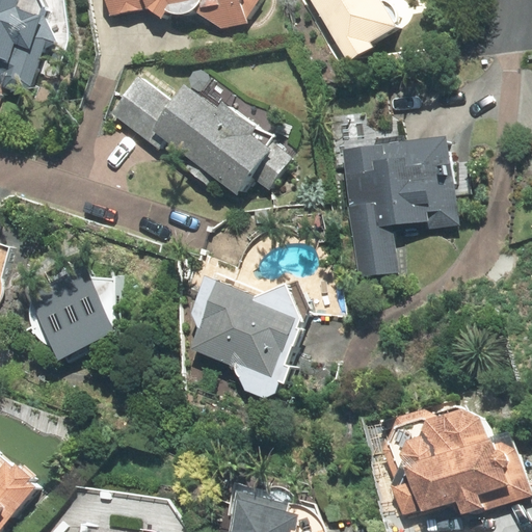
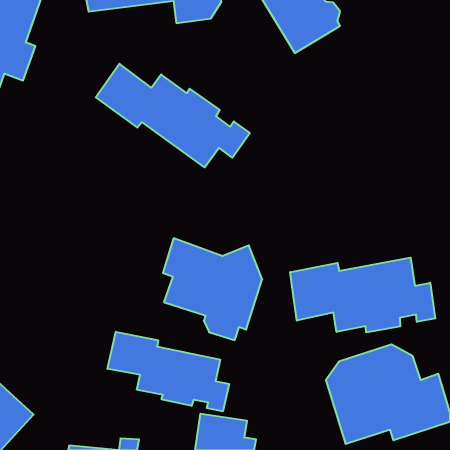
building: [342,139,455,274] -> none
building: [26,264,116,358] -> none
building: none -> [290,258,435,332]
building: none -> [107,332,229,411]

